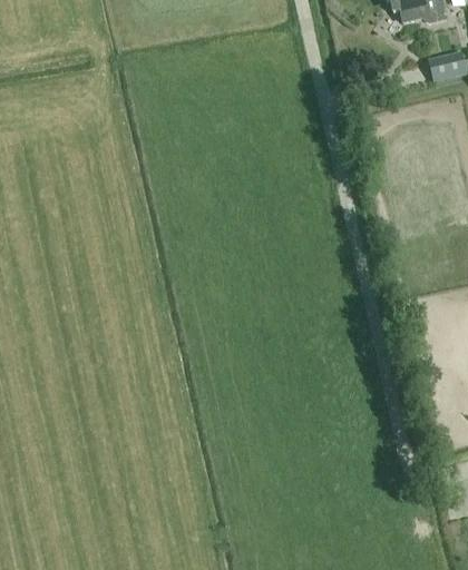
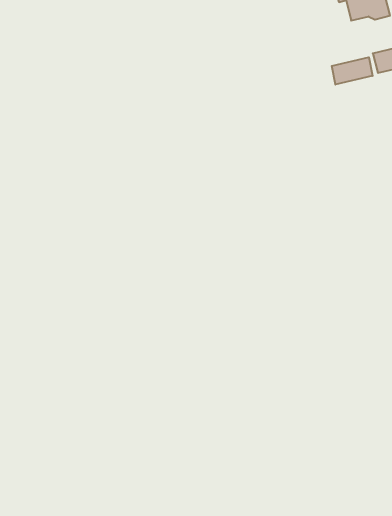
building: none -> [332,57,373,85]

